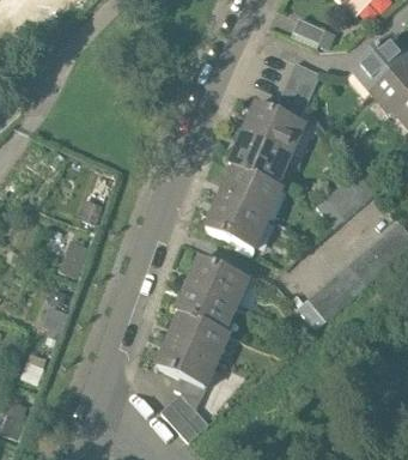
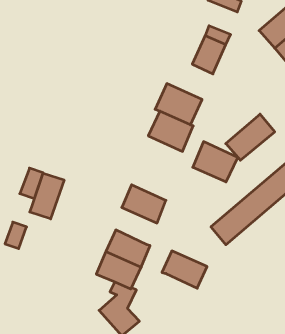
building: [244,99,300,150] -> none
building: [208,194,263,243] -> [193,142,238,182]
building: none -> [30,173,64,219]
building: [177,282,232,327] -> [162,251,207,288]

